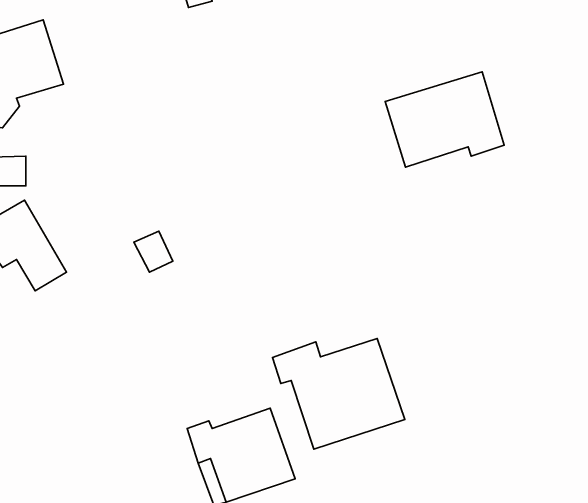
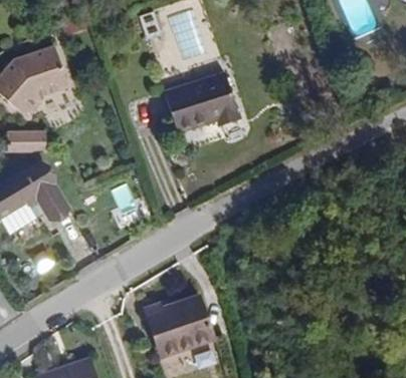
building: [385,72,504,167] -> [161,73,237,134]
building: [272,338,405,449] -> none

